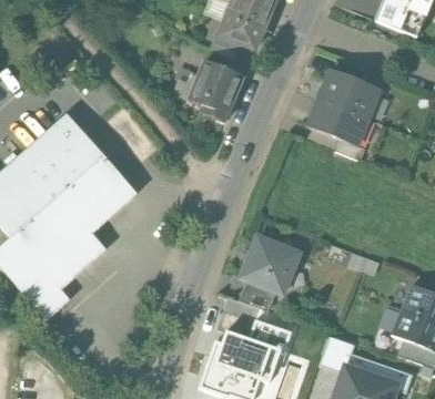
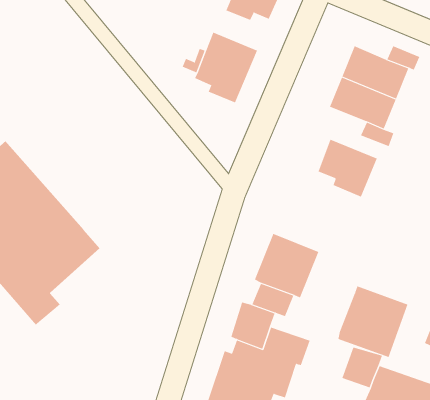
building: [20,116,134,234] -> none
building: none -> [318,139,377,198]
building: none -> [338,286,408,358]

